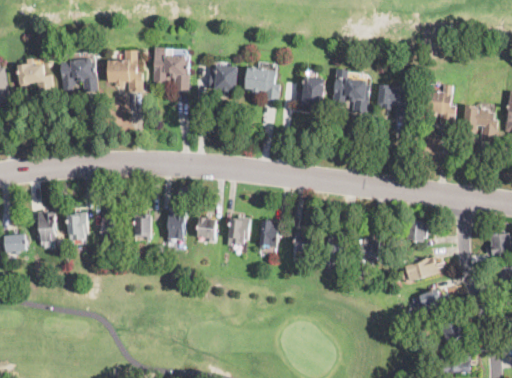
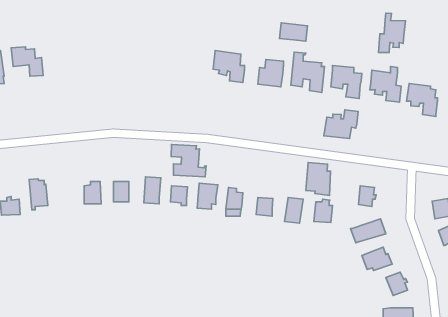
building: none -> [379,13,405,53]
building: none -> [280,23,308,41]
building: [153,54,190,89] -> none
building: [61,58,99,91] -> none
building: [109,59,142,91] -> none
building: [210,65,237,89] -> none
building: none -> [324,110,358,138]
building: none -> [171,144,206,177]
building: none -> [306,162,331,195]
building: [68,211,88,240] -> none

